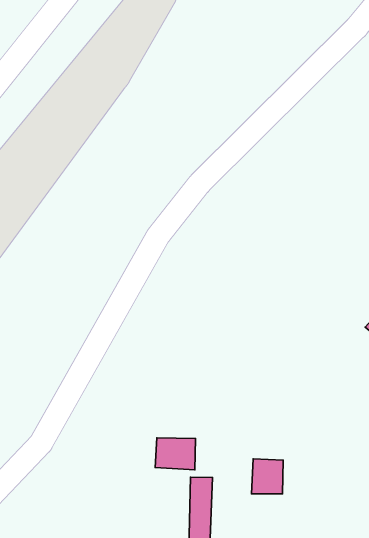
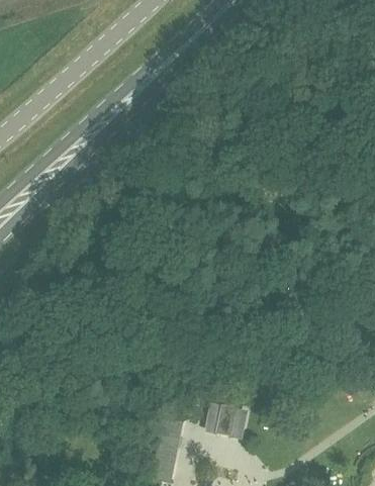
building: [155,438,195,470] -> none

